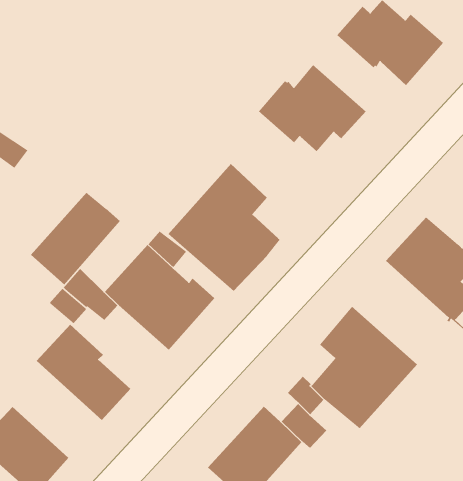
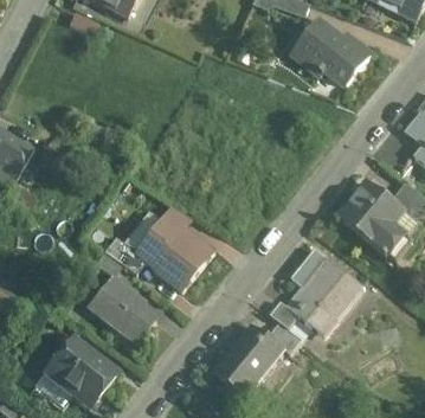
building: [258,64,366,152] -> none
building: [168,163,281,292] -> none
building: [30,192,121,286] -> none

